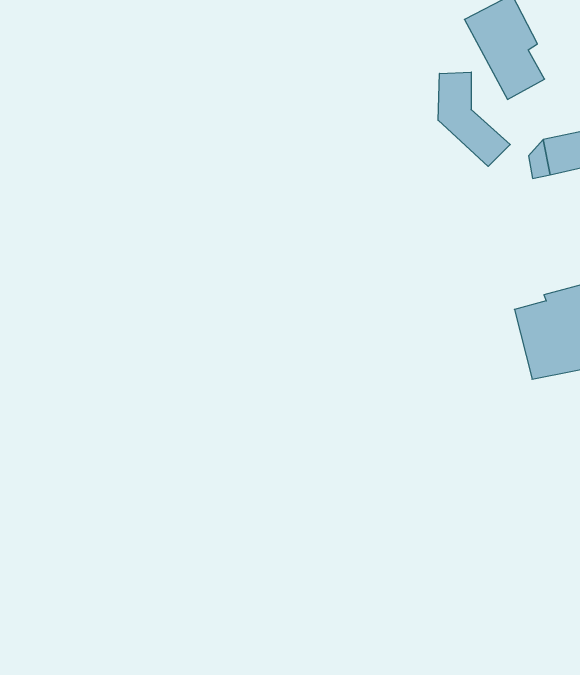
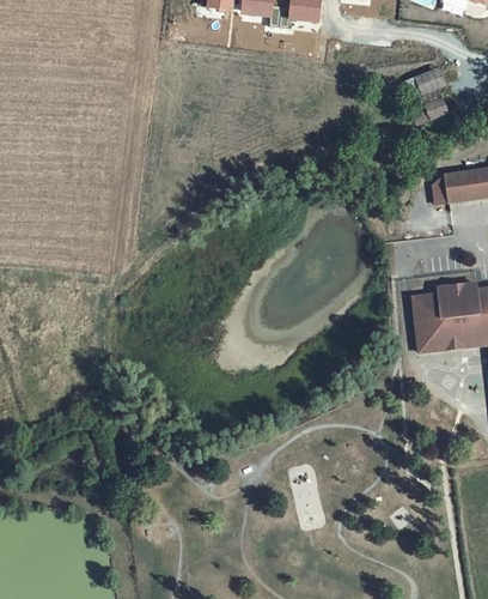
building: [438,72,510,166] -> none

